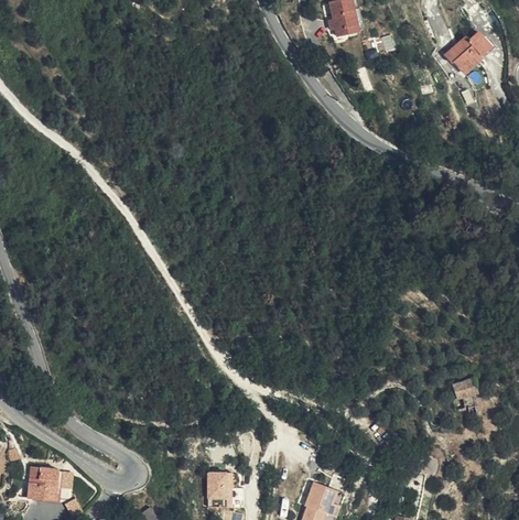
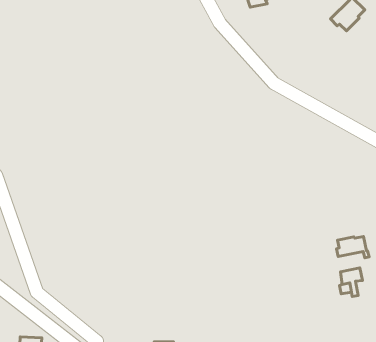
building: none -> [337,237,369,258]

